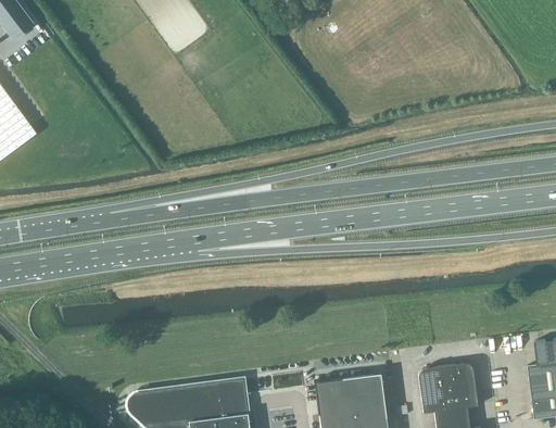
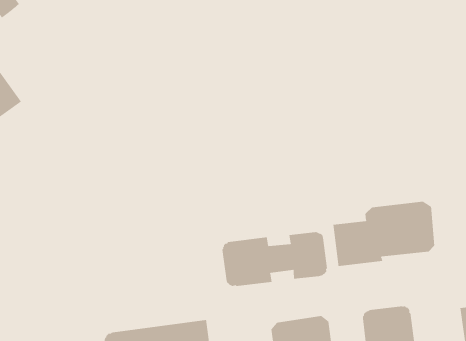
building: none -> [333,201,435,267]
building: none -> [222,231,328,287]

